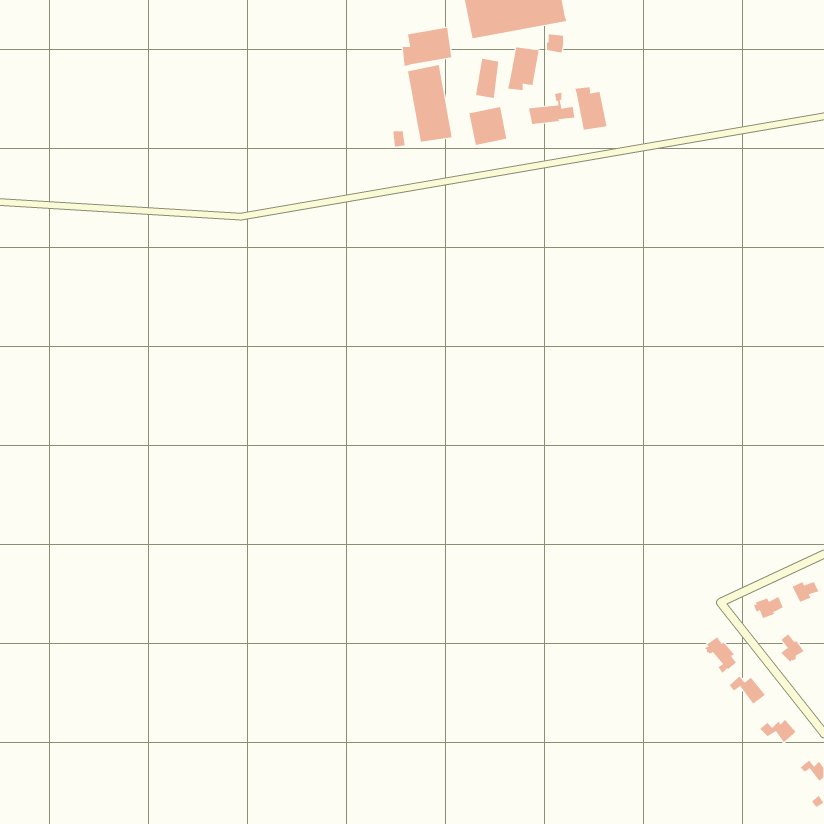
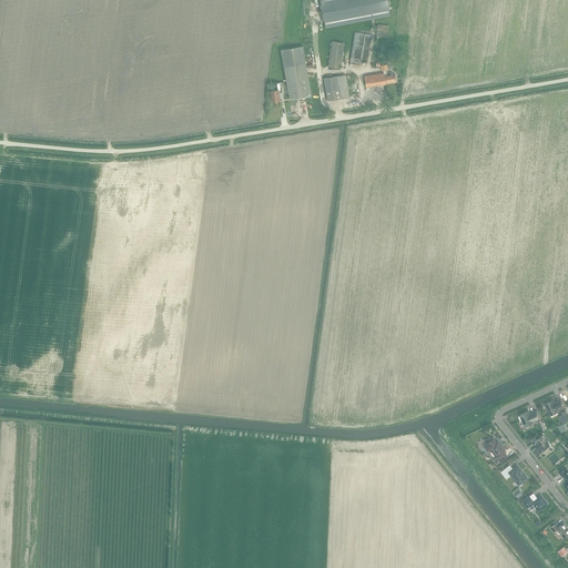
building: [402,27,452,67] -> none
building: [575,86,607,130] -> none

